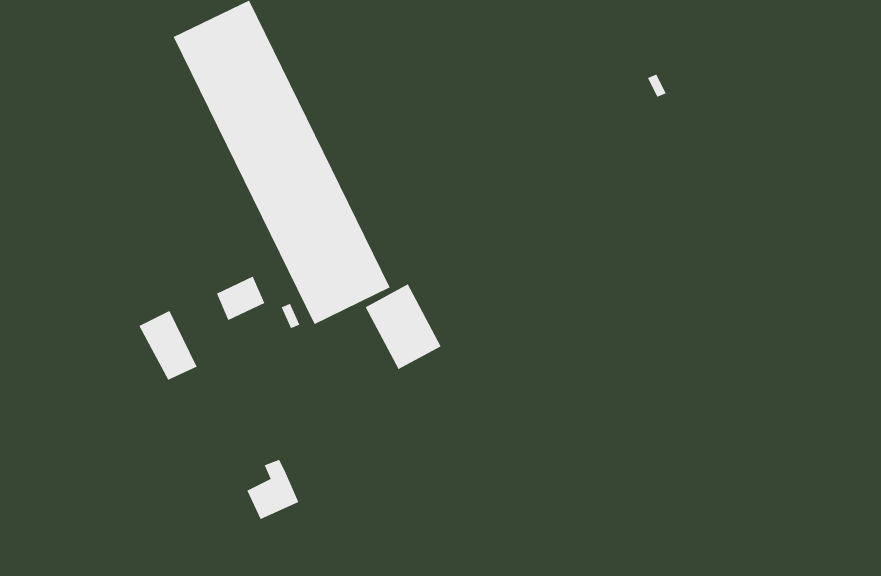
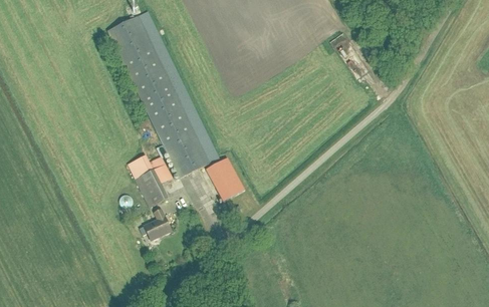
building: [139,310,197,381] -> [139,169,169,205]
building: [246,459,299,520] -> [145,209,172,240]

